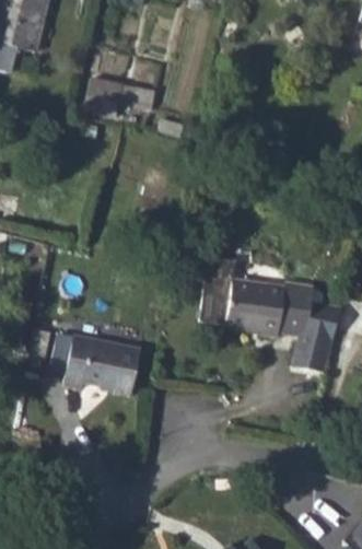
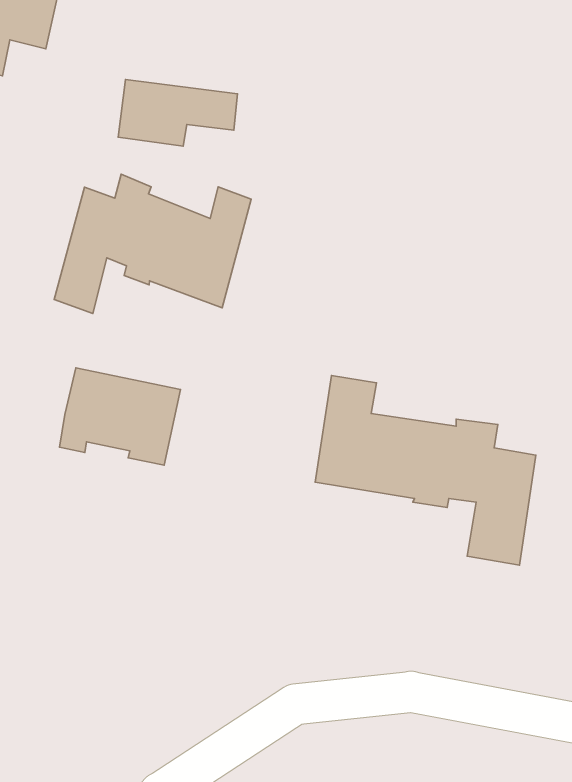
building: none -> [54,174,251,313]
building: [68,336,141,395] -> [59,368,181,465]

